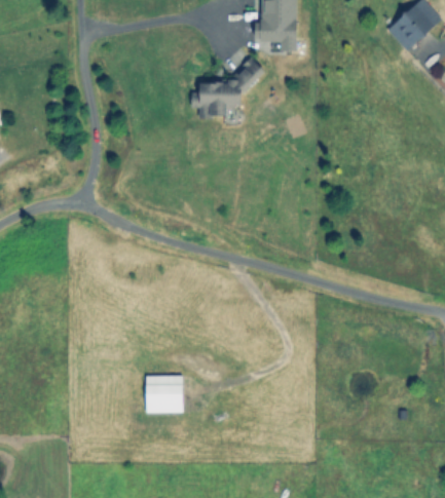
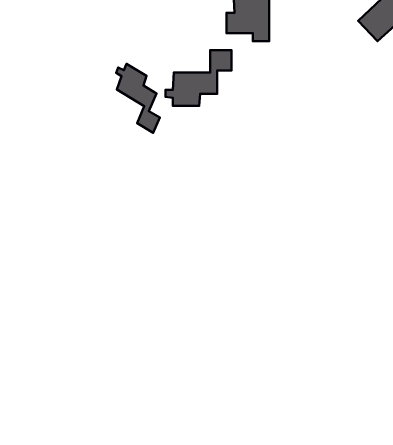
building: none -> [116,64,160,133]
building: [146,375,183,412] -> none

